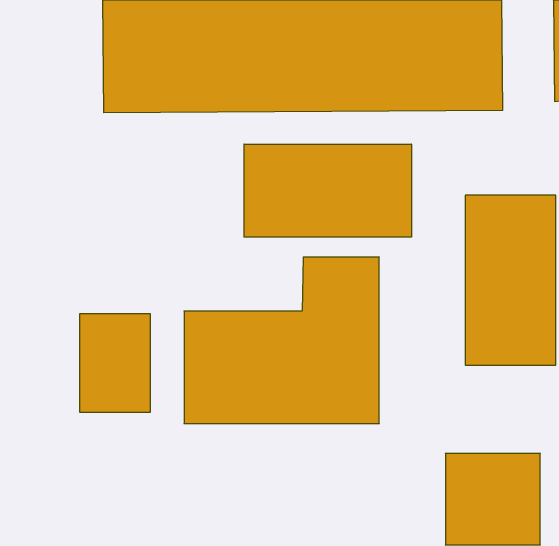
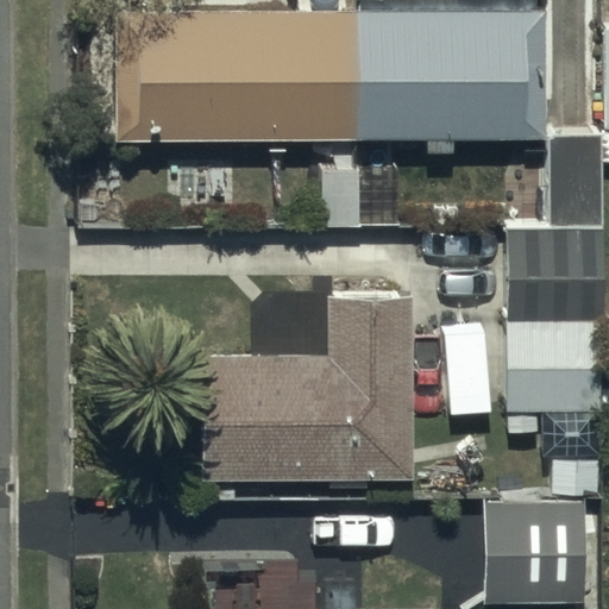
building: [244,144,411,237] -> none
building: [80,314,150,412] -> none

